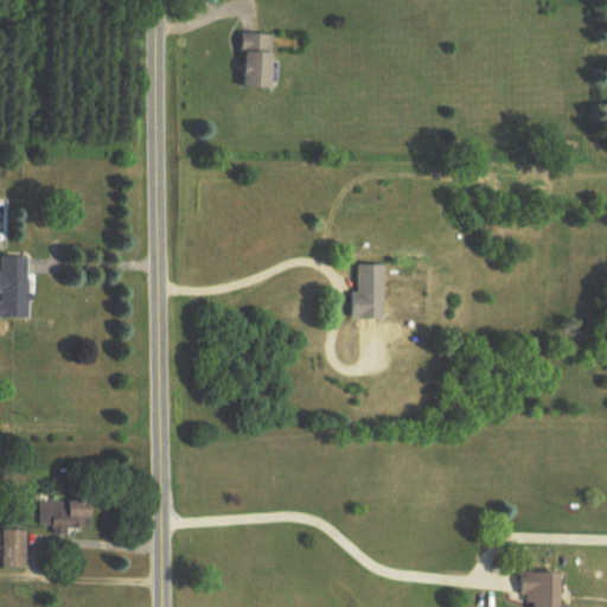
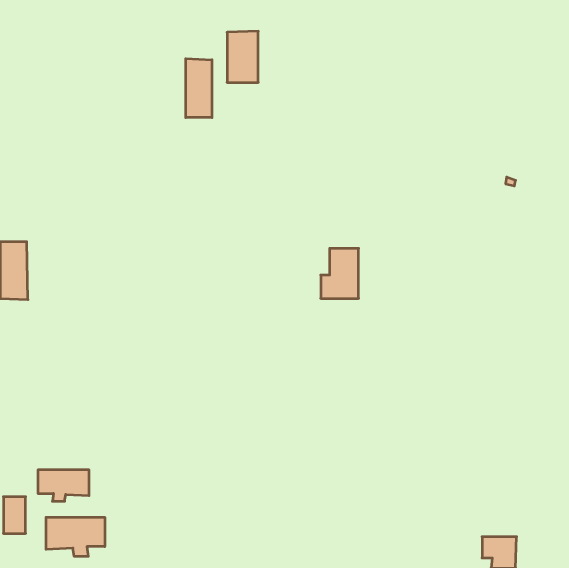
building: none -> [186,59,212,118]
building: none -> [46,517,105,556]

